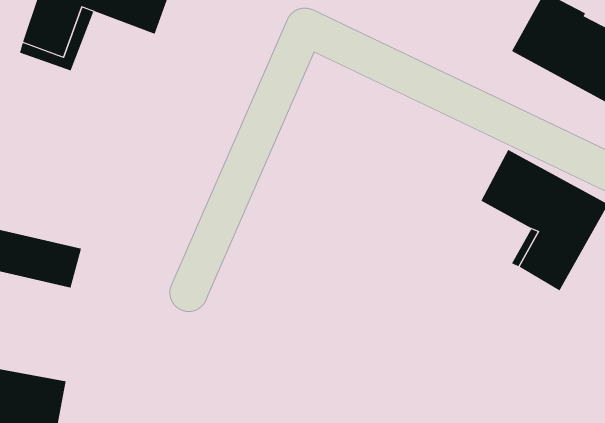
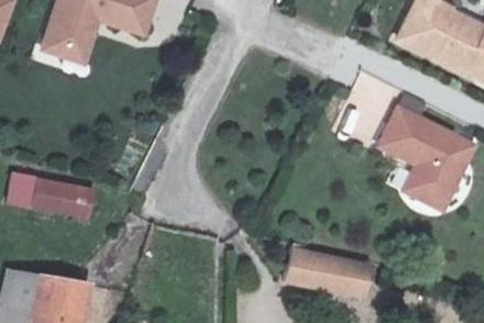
building: none -> [282,238,372,294]

